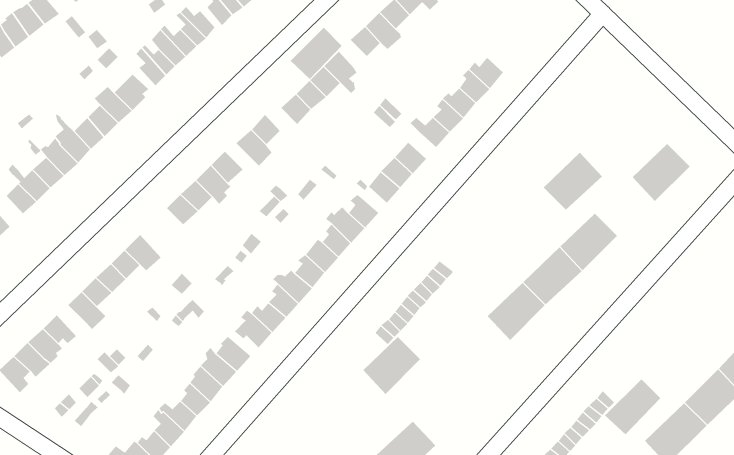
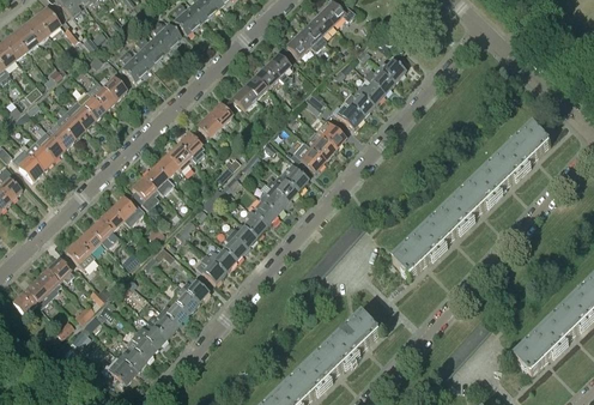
building: [290,27,343,80] -> none
building: [543,152,603,211] -> [475,151,522,197]
building: none -> [131,175,159,211]
building: [362,336,421,395] -> [334,314,380,359]
building: [604,378,661,435] -> none

